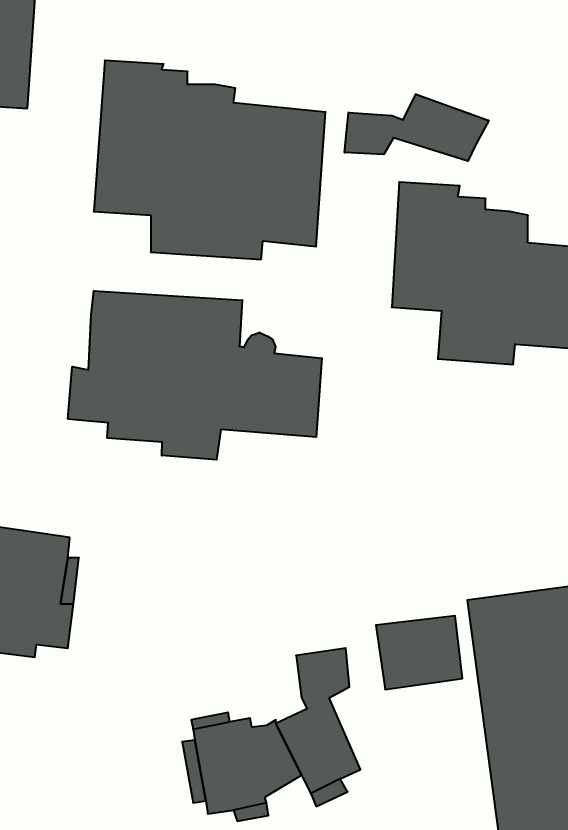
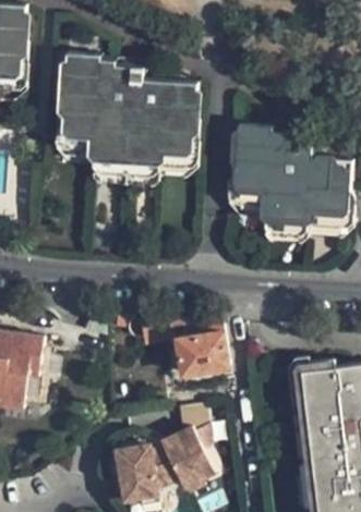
building: [345,94,489,161] -> none
building: [68,291,322,460] -> none
building: [376,616,462,689] -> [178,329,229,373]

